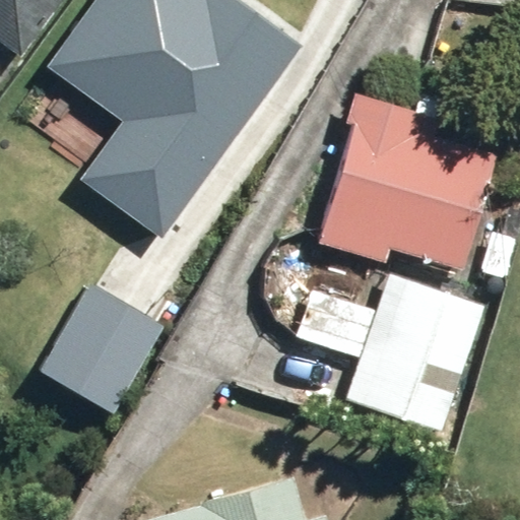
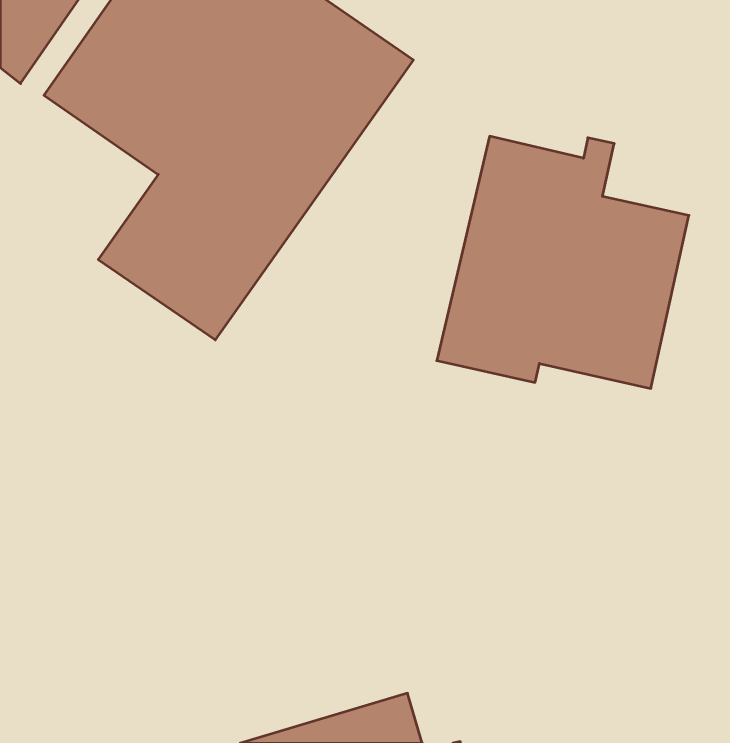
building: [291,273,484,431] -> none
building: [37,285,167,421] -> none

